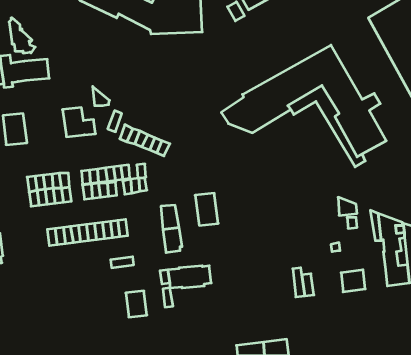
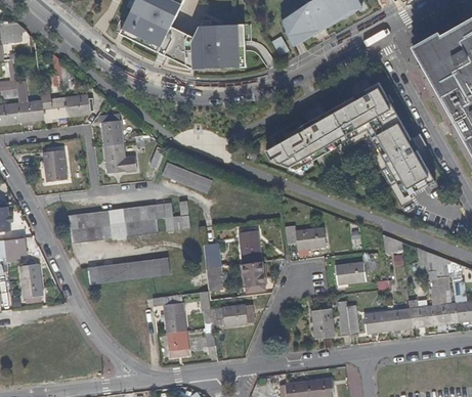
building: none -> [99,113,123,145]
building: none -> [287,225,327,255]
building: none -> [336,253,379,289]
building: none -> [243,261,264,293]
building: none -> [409,299,434,327]
building: none -> [165,308,186,332]
building: none -> [312,308,335,340]
building: none -> [363,311,389,334]

